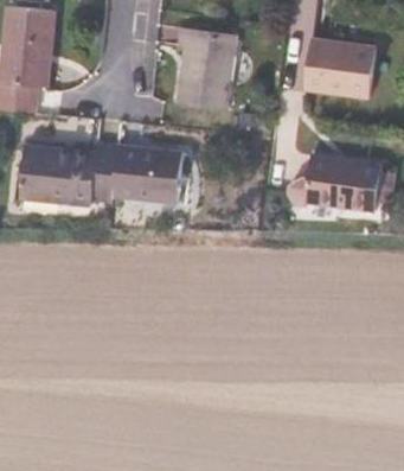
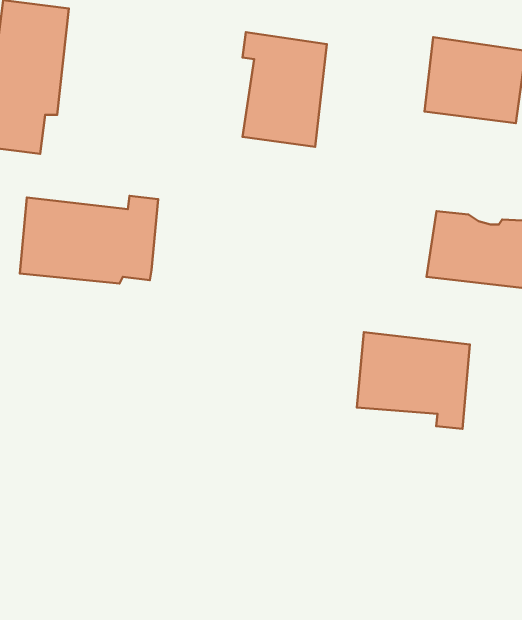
building: [111,147,181,203] -> none
building: none -> [357,332,470,429]

